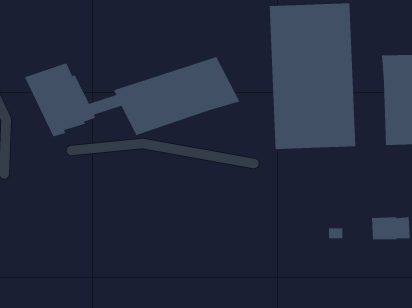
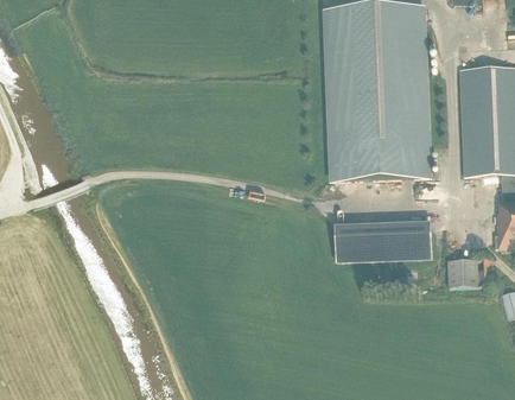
building: [24,56,240,137] -> none
building: none -> [335,222,431,259]

